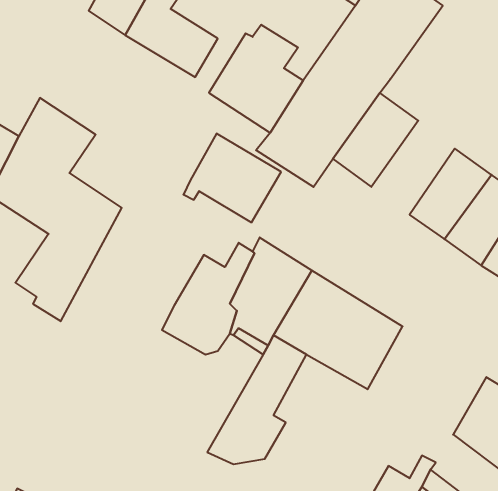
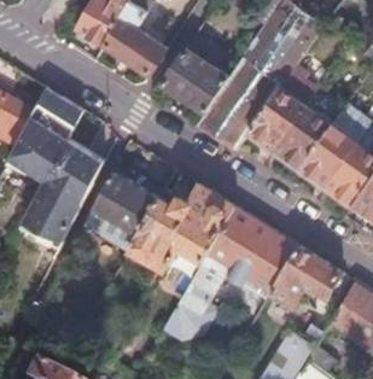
building: none -> [276,105,334,170]
building: [183,134,281,222] -> [93,171,161,233]
building: none -> [274,247,344,305]

